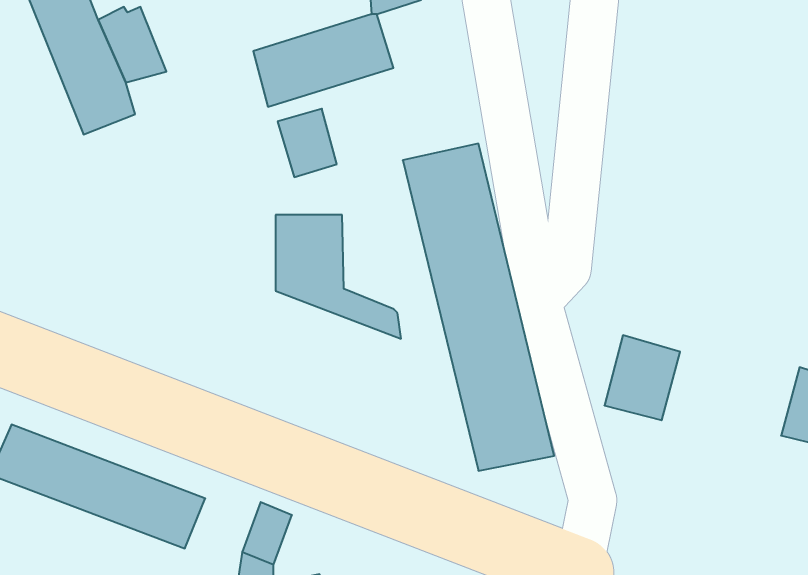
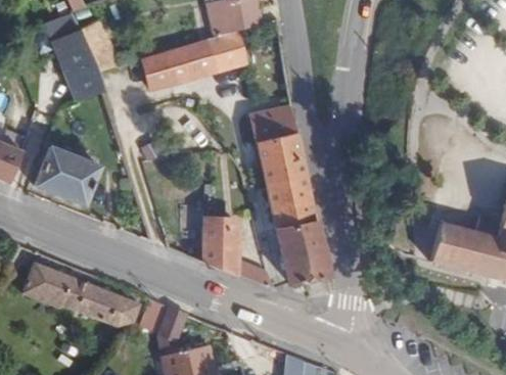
building: [278,109,337,177] -> [142,54,175,92]
building: [276,215,401,339] -> [202,218,272,286]
building: none -> [39,149,101,207]
building: [604,335,680,420] -> [427,220,469,267]

